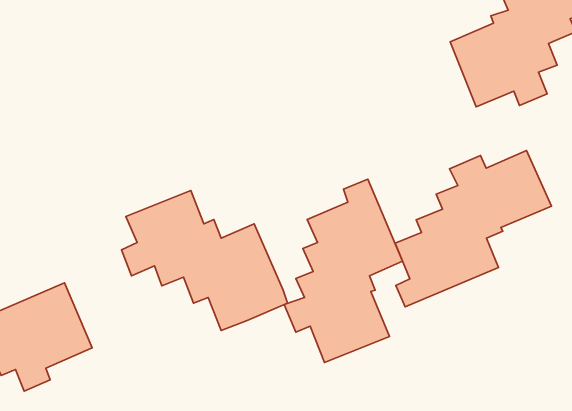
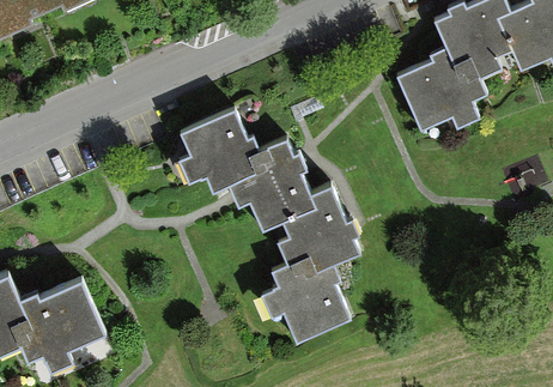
building: [395,150,552,307] -> none
building: [121,191,288,331] -> [176,115,314,231]

